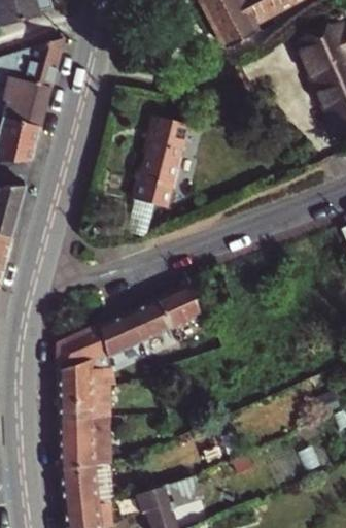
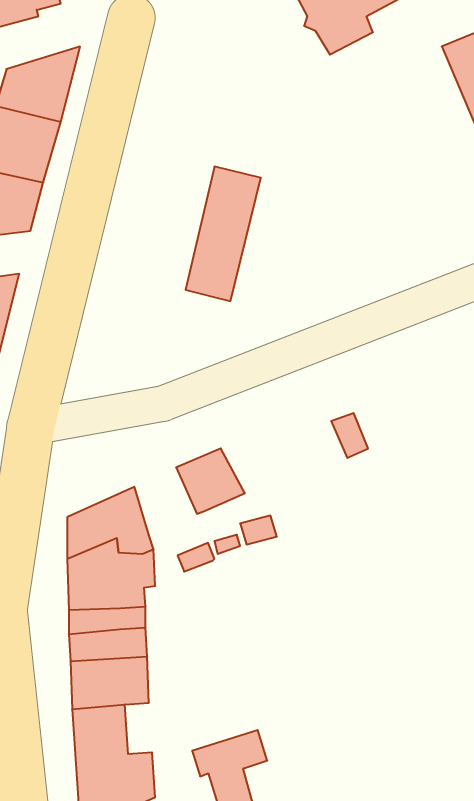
building: [157,284,203,327] -> none
building: [101,310,141,354] -> none

